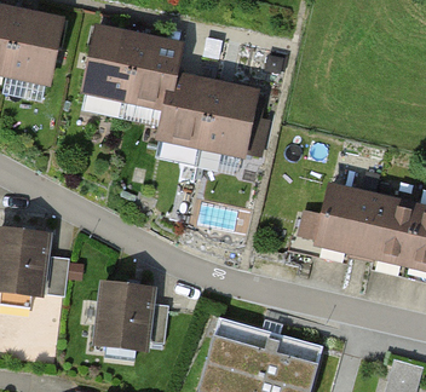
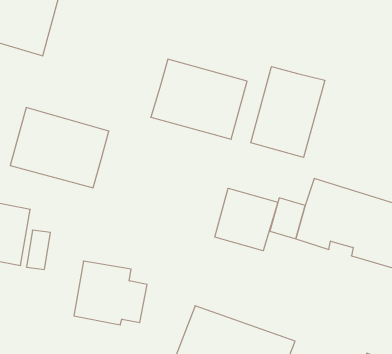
building: [85,29,182,105] -> [10,108,109,188]
building: none -> [251,67,325,157]
building: none -> [215,188,278,251]

